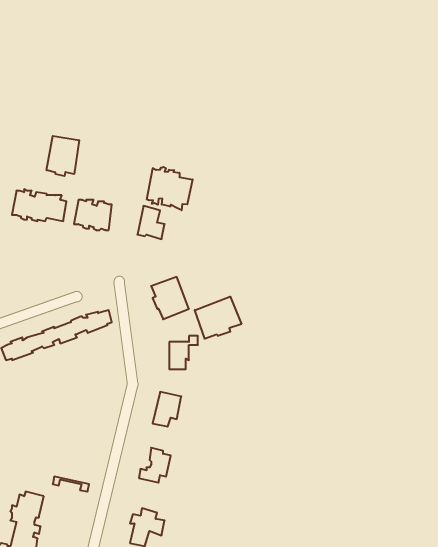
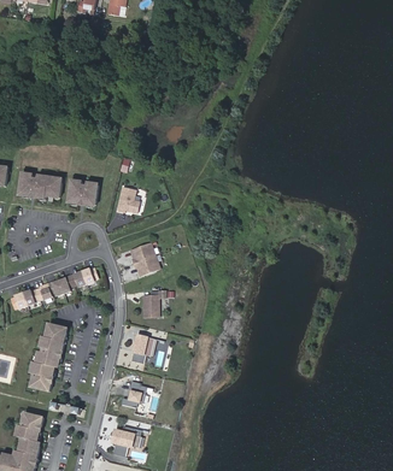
building: [47,136,79,176] -> none
building: [147,167,193,210] -> none
building: [195,297,241,339] -> none
building: none -> [30,323,68,390]

